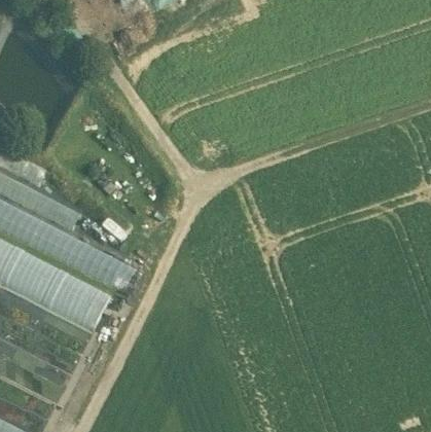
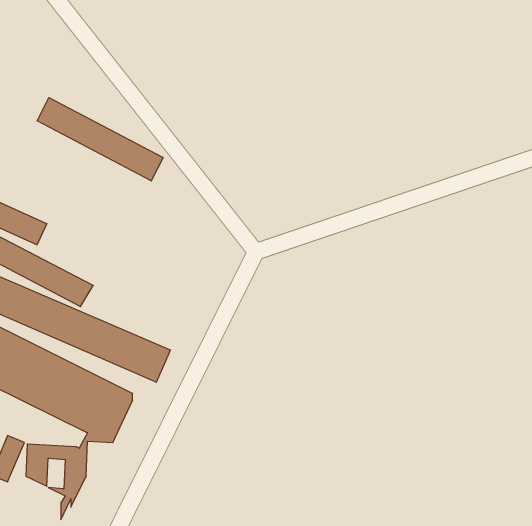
building: none -> [37,98,163,181]

